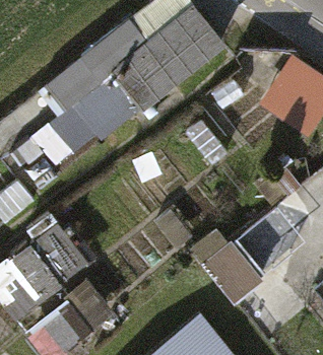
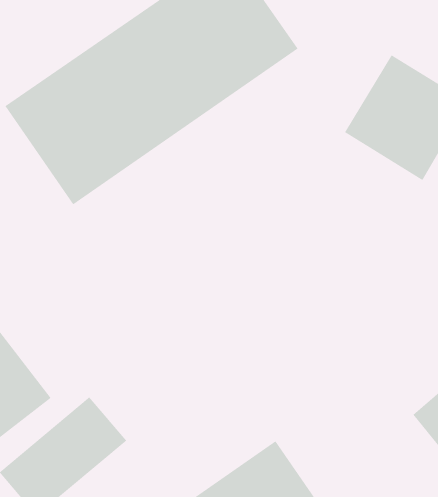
building: [204,207,306,301] -> none

